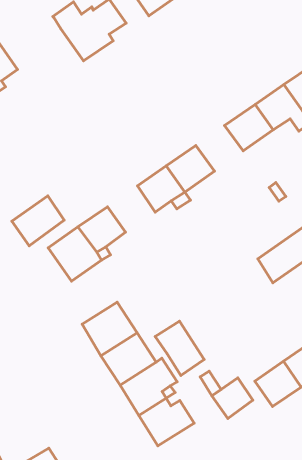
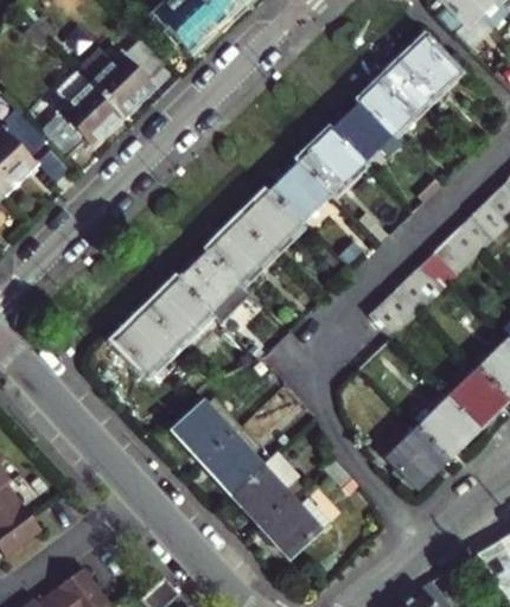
building: none -> [39,74,121,162]
building: none -> [270,166,327,222]
building: none -> [179,255,236,312]
building: [12,196,64,246] -> none
building: [155,321,204,375] -> none
building: [212,378,253,418] -> none

